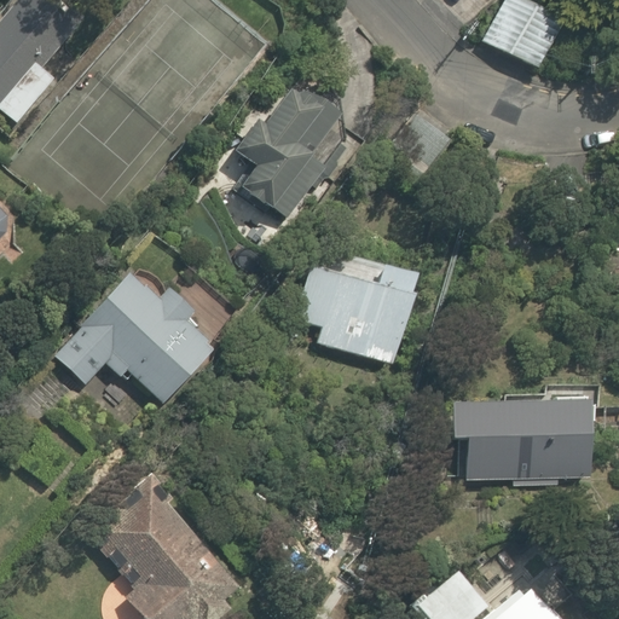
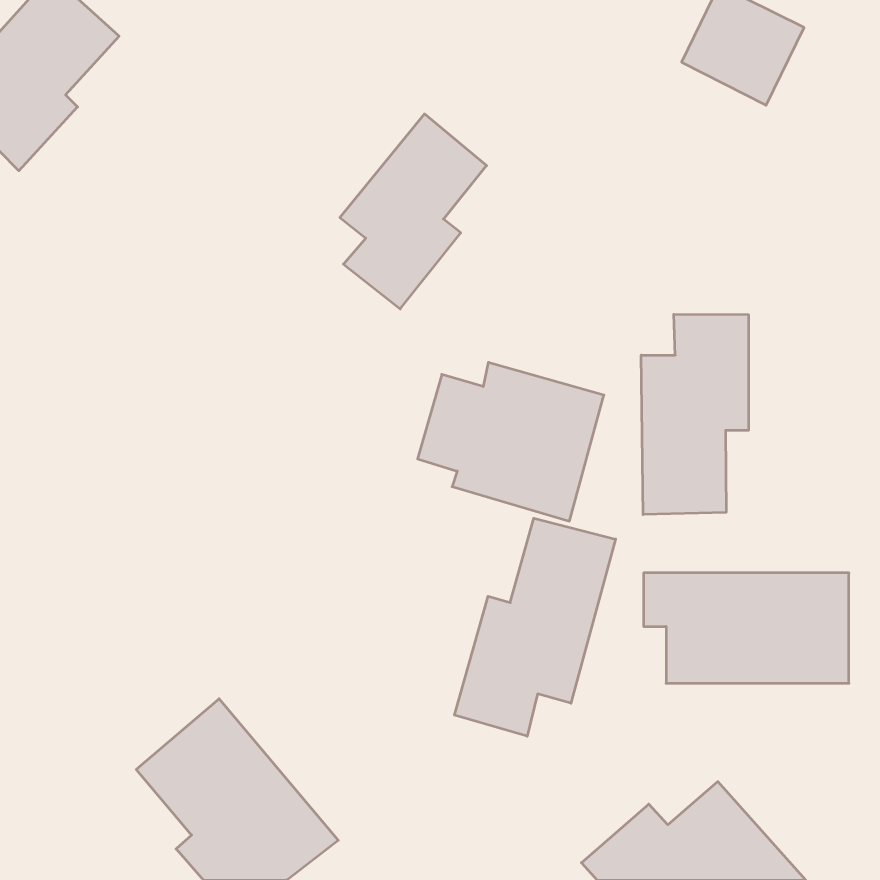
building: none -> [641,314,748,515]
building: [52,273,212,404] -> none
building: none -> [454,518,616,736]

